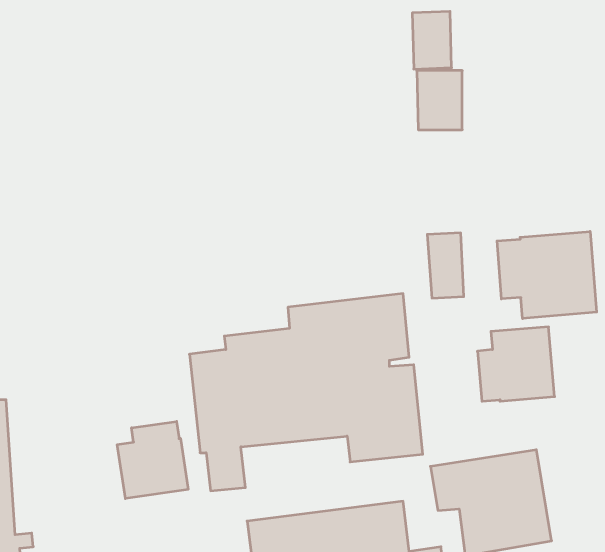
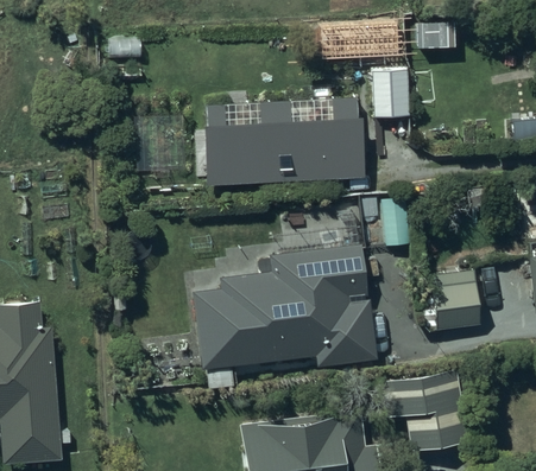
building: none -> [204,97,364,184]
building: [497,231,597,319] -> none
building: [117,421,188,499] -> none

